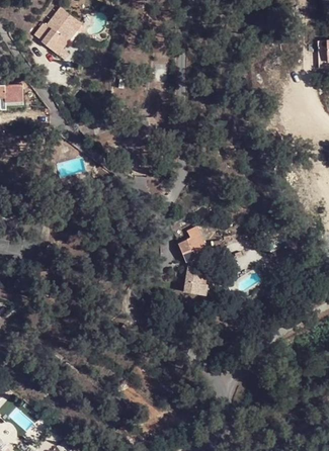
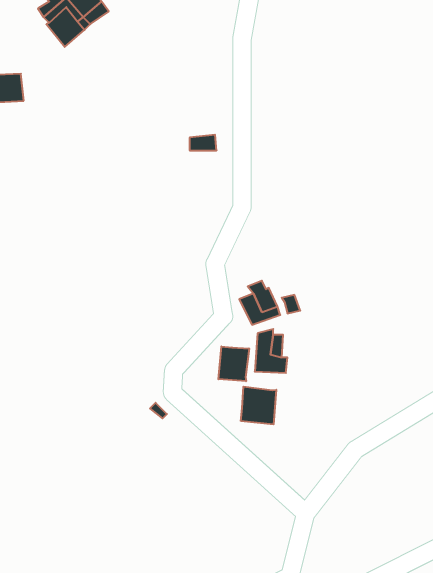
building: none -> [218,346,249,381]
building: none -> [241,387,276,424]

